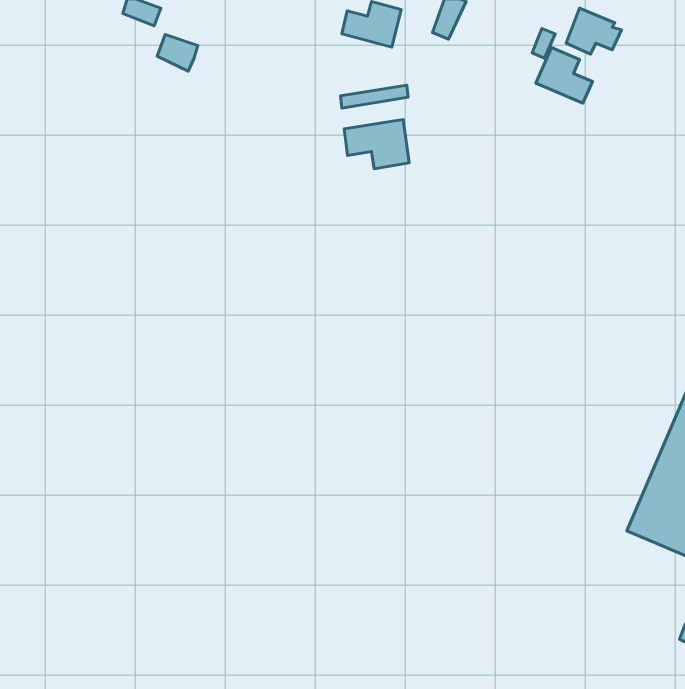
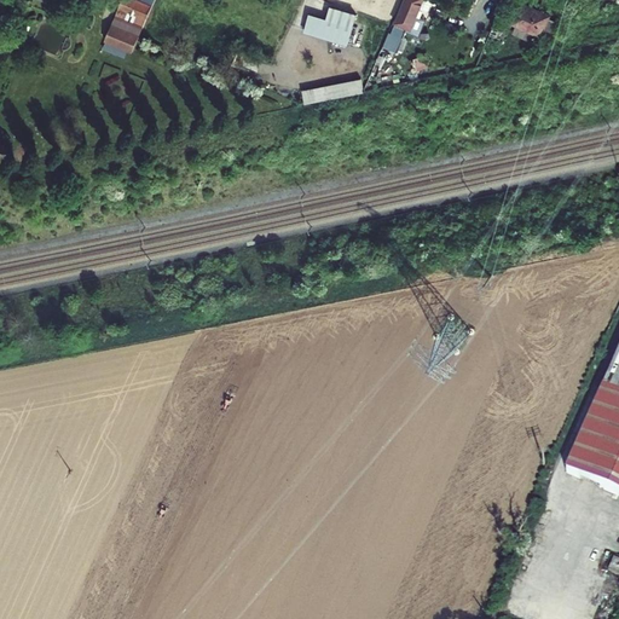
building: [157,35,198,71] -> [104,21,140,53]
building: [536,48,593,103] -> none
building: [344,119,409,169] -> none

